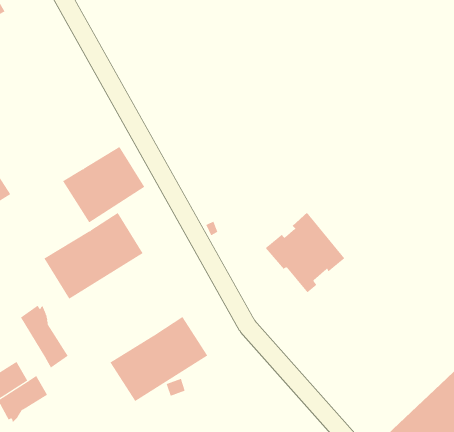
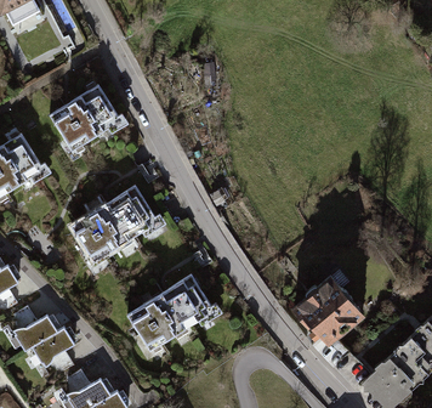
building: [62,146,145,223] -> [49,85,120,152]
building: [265,212,345,293] -> [292,276,362,346]
building: [20,305,68,368] -> none

